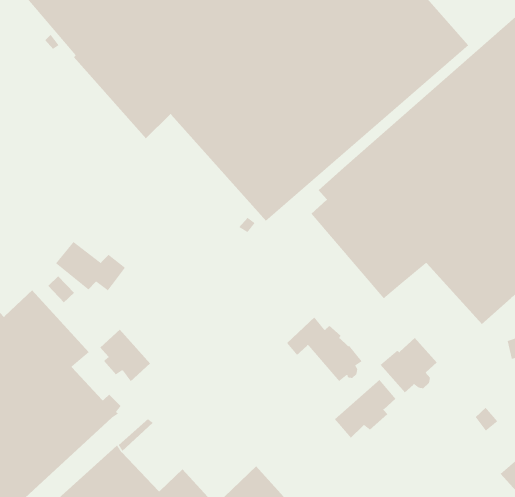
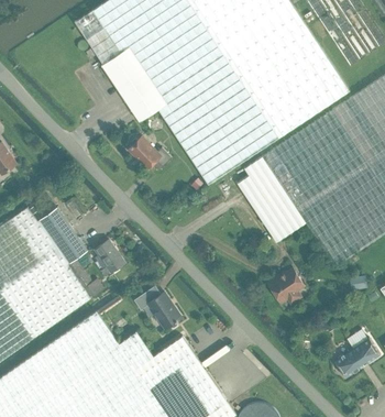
building: [55,241,126,291] -> [128,136,172,171]
building: [286,317,363,382] -> [134,286,180,329]
building: [334,379,396,439] -> none

